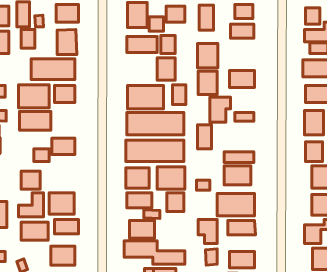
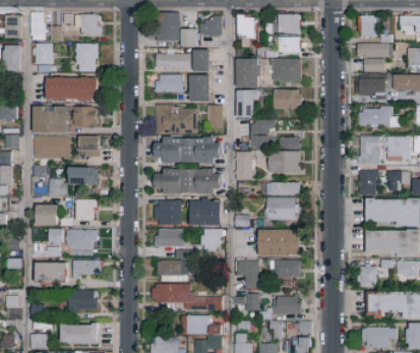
building: none -> [273,59,301,81]
building: none -> [156,74,184,93]
building: none -> [79,135,100,157]
building: none -> [268,151,301,173]
building: none -> [75,199,96,219]

